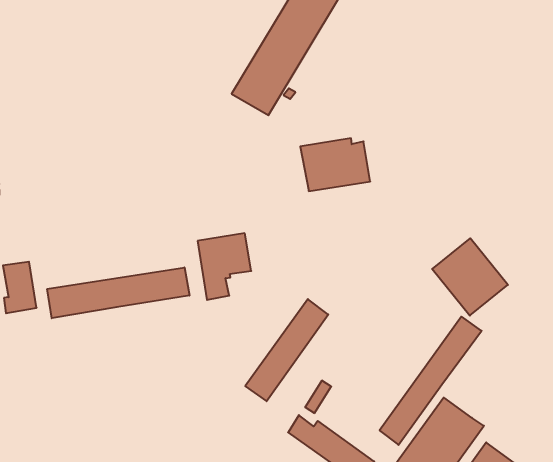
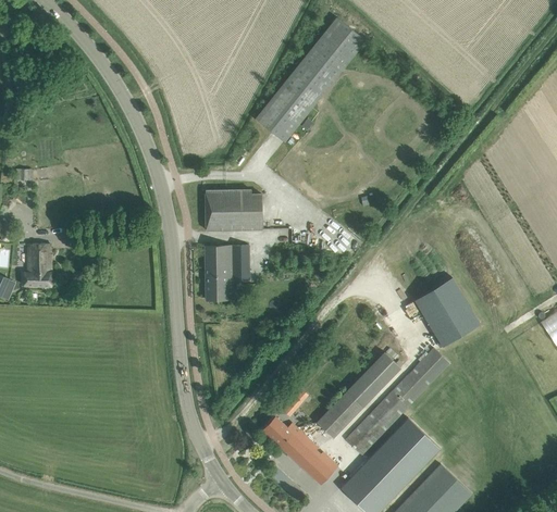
building: [300,138,370,191] -> [205,188,263,230]
building: [47,267,189,318] -> none
building: [245,299,328,401] -> [317,351,400,438]

